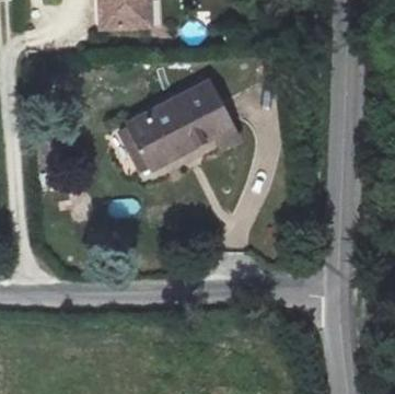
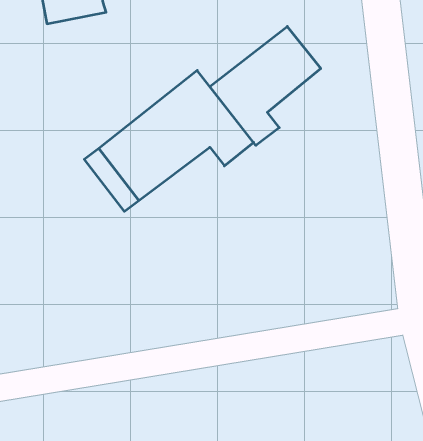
building: none -> [210,26,321,145]

